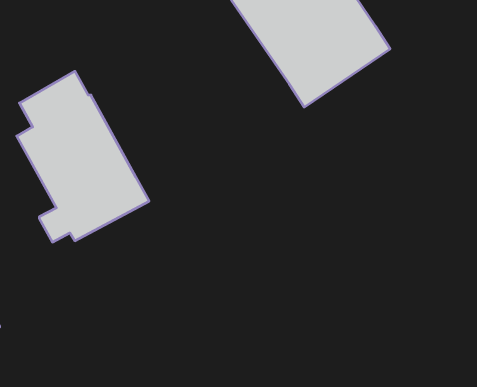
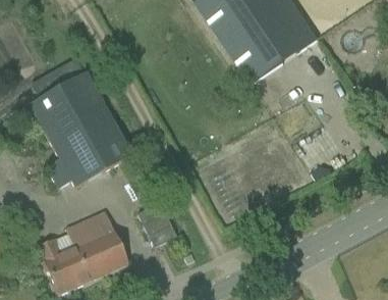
building: none -> [136,201,175,246]
building: none -> [36,210,127,294]

